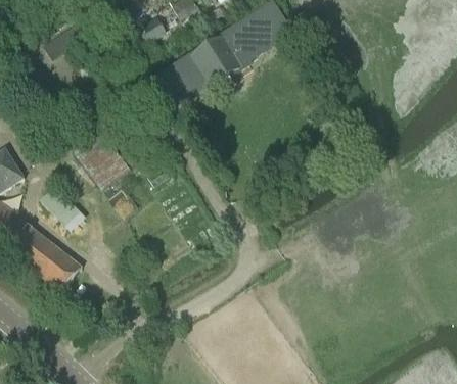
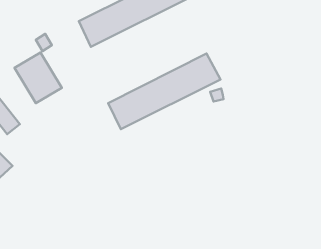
building: none -> [108,54,220,129]

